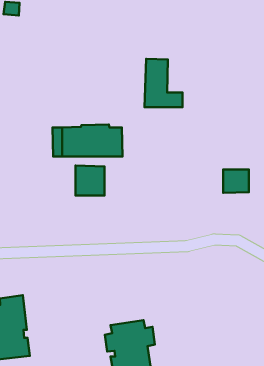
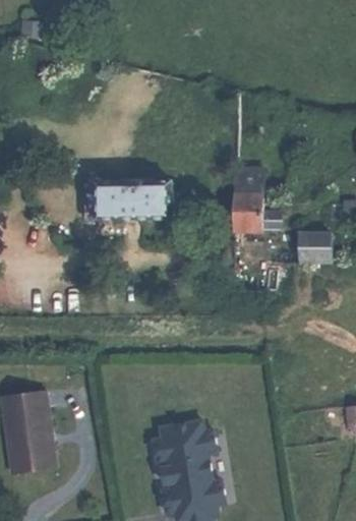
building: [145,59,182,107] -> [235,168,283,229]
building: [76,166,105,195] -> none

